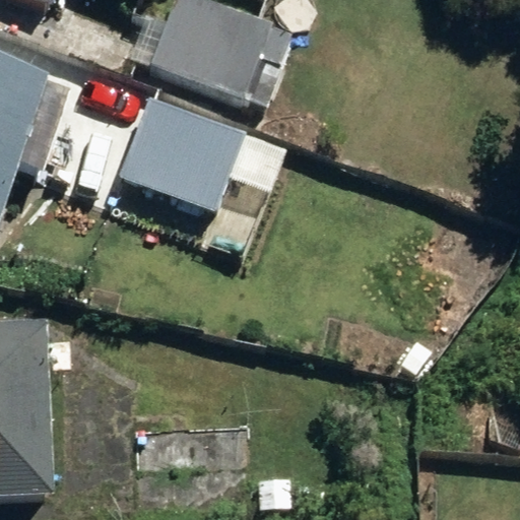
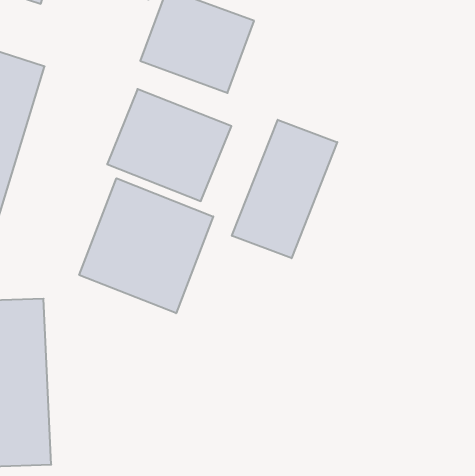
building: none -> [232,120,337,258]
building: none -> [79,178,213,313]

